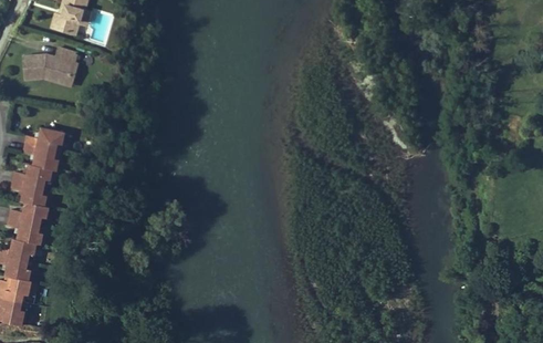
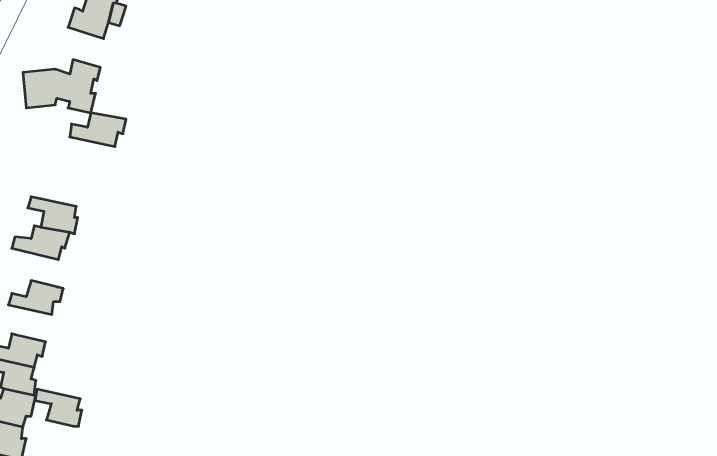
building: [27,127,65,150] -> [70,113,126,147]
building: [12,179,46,206] -> none
building: [10,218,42,243] -> [35,389,82,426]

